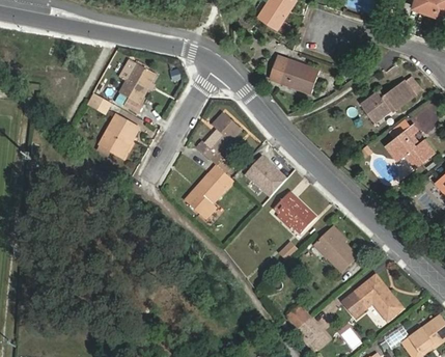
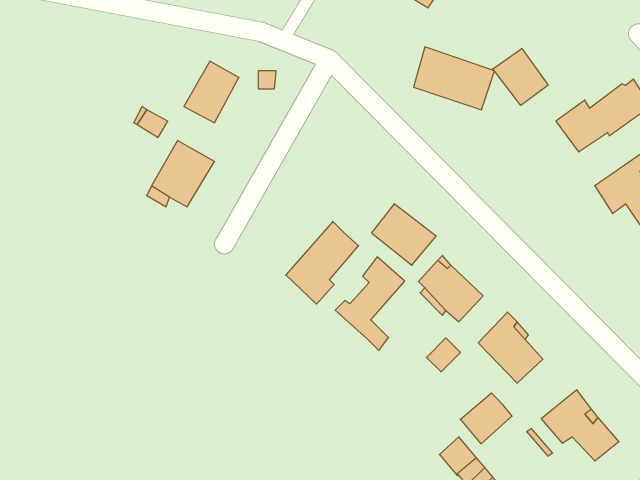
building: none -> [493,48,548,105]
building: [196,114,241,174] -> [335,257,405,351]
building: none -> [460,393,512,444]

